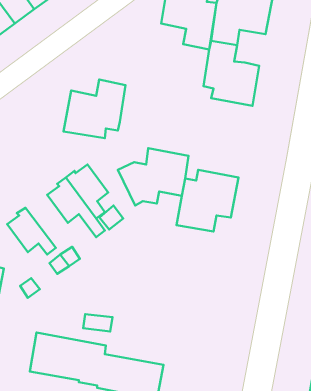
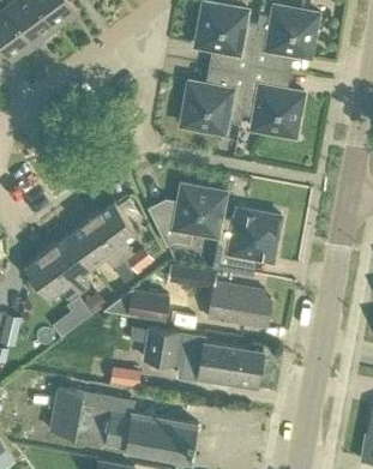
building: [63,80,125,138] -> [179,70,247,134]
building: none -> [44,236,91,295]
building: none -> [191,270,270,327]
building: none -> [102,290,168,323]
building: none -> [128,327,261,389]

